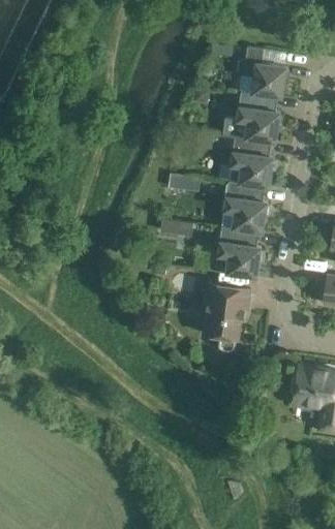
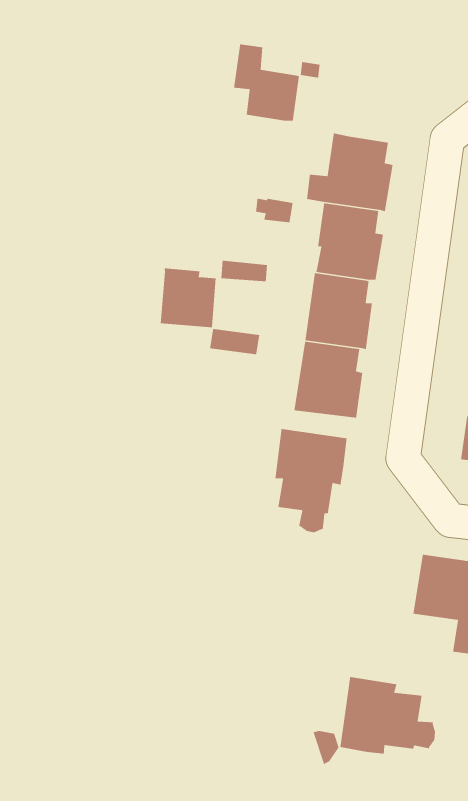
building: [242,46,285,97] -> [233,44,300,122]
building: none -> [160,267,216,328]
building: none -> [339,676,436,754]

